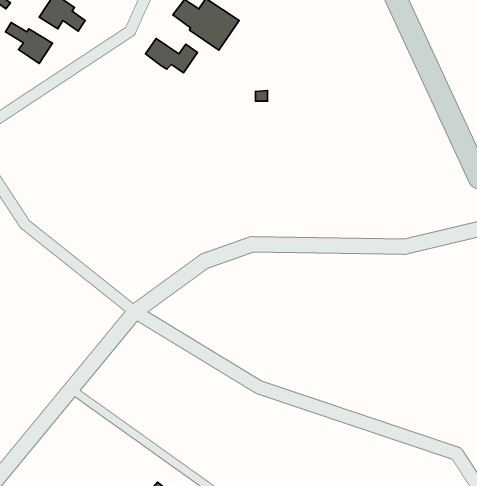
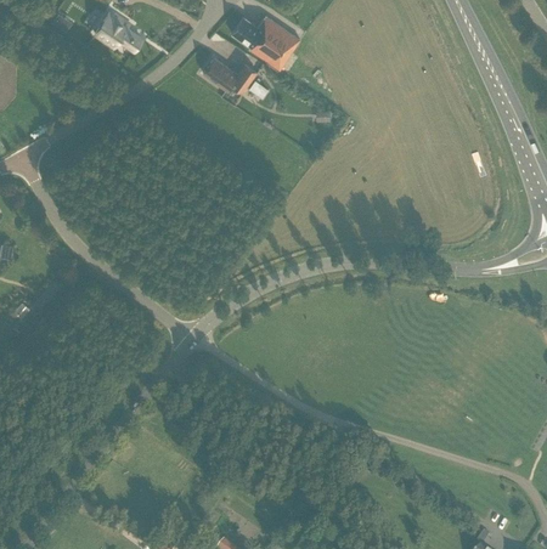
building: [5,23,53,64] -> none

